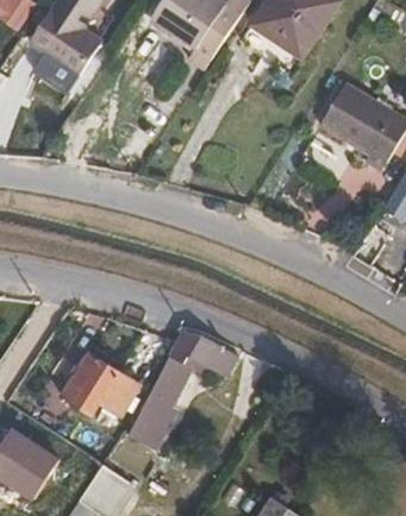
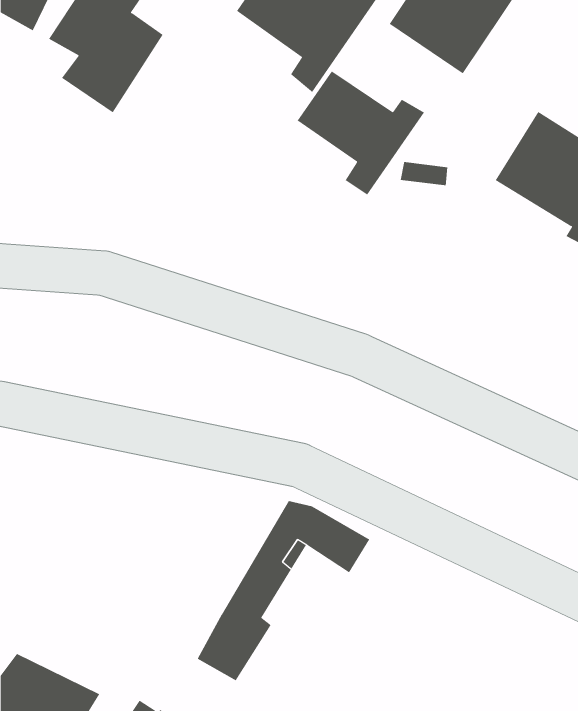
building: none -> [297,71,425,196]
building: [55,359,136,426] -> none

